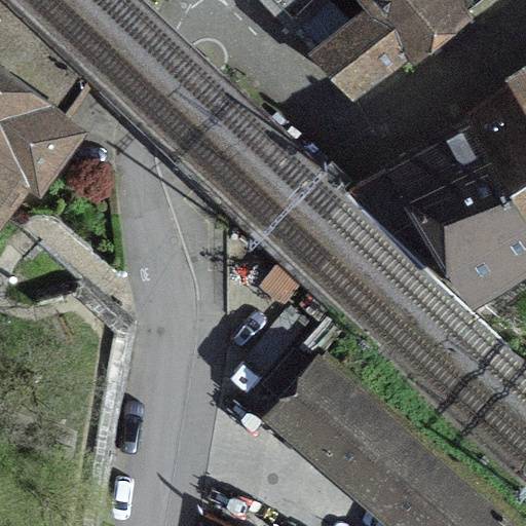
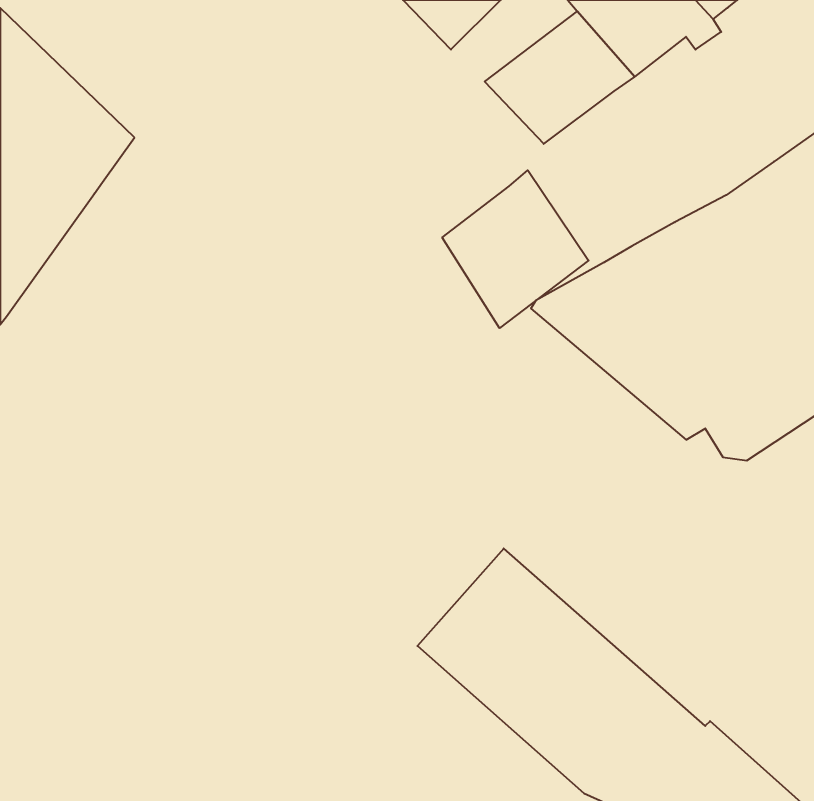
building: none -> [442,170,589,328]

